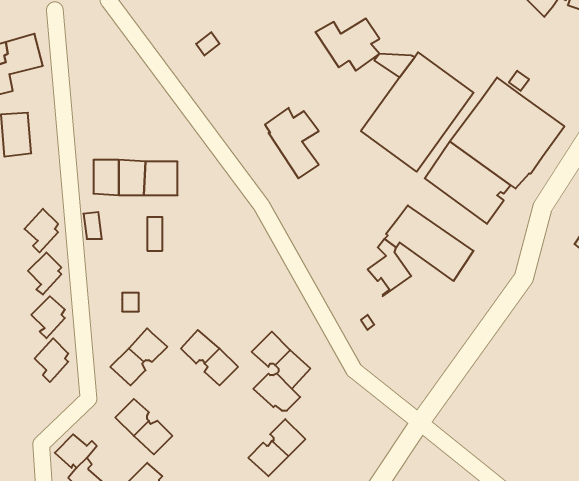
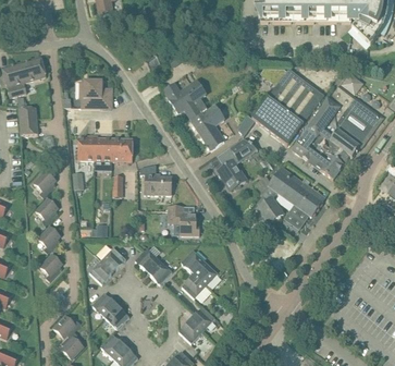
building: [315,19,379,71] -> [163,82,205,115]
building: none -> [82,81,112,108]
building: none -> [218,139,258,191]
building: none -> [140,164,172,195]
building: none -> [161,205,200,235]

